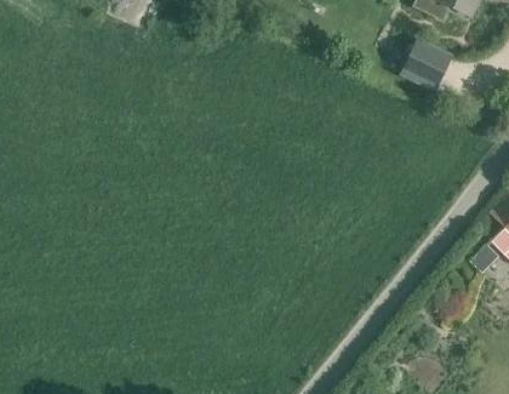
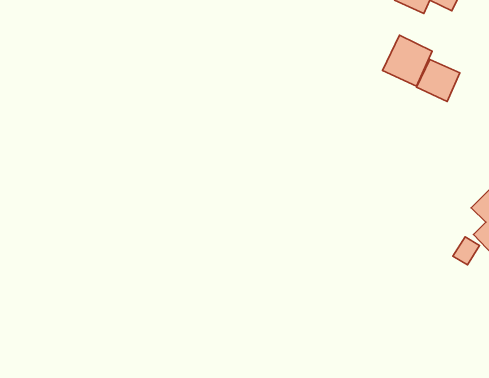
building: none -> [416,59,460,101]

